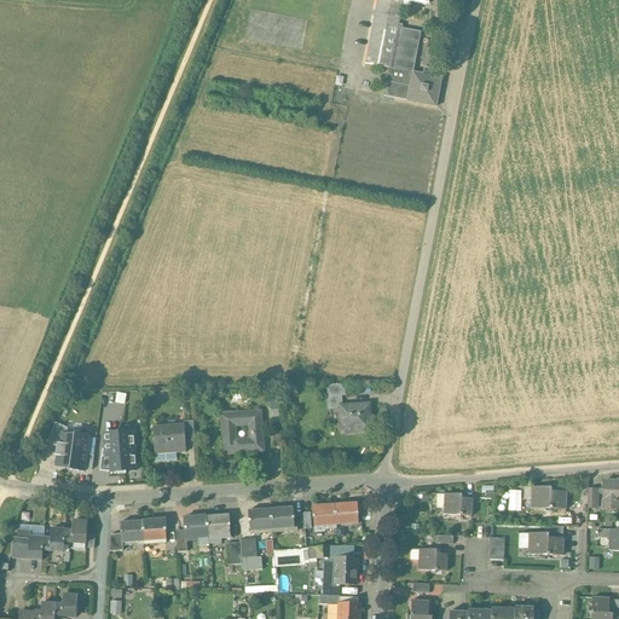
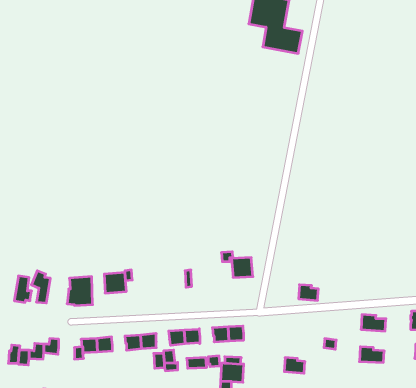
building: [221,409,265,452] -> none
building: [69,432,94,470] -> [14,276,32,302]
building: [442,492,472,515] -> [299,285,318,300]

